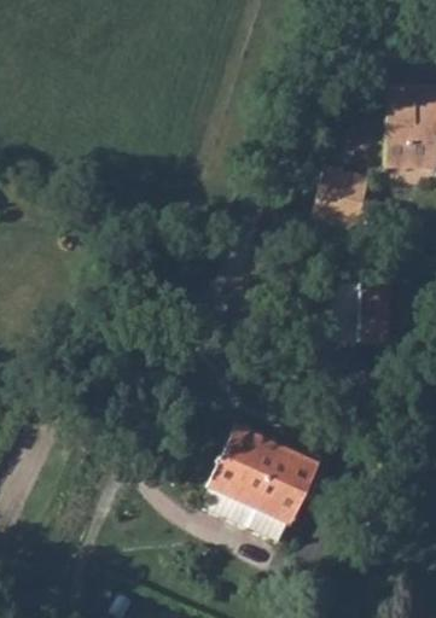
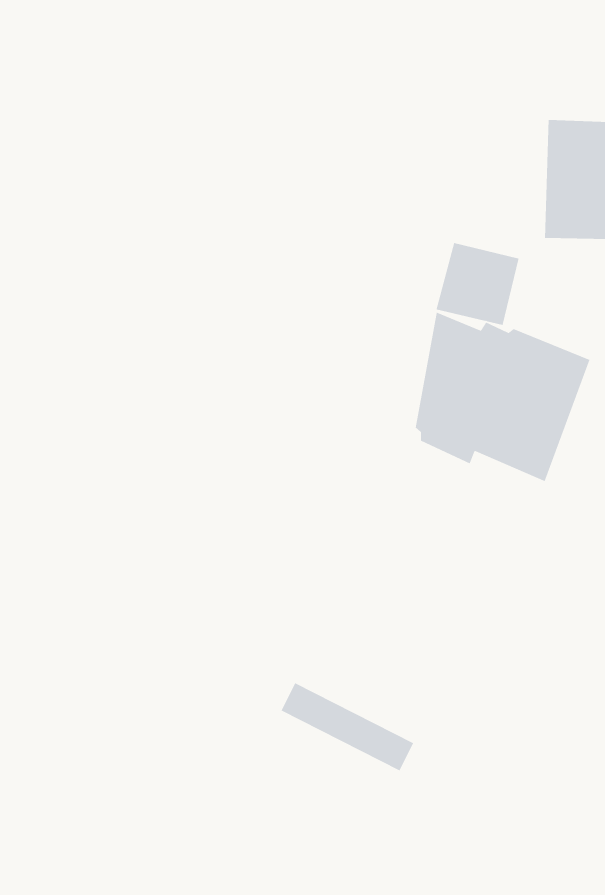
building: none -> [415,311,590,482]
building: [214,425,315,507] -> none

